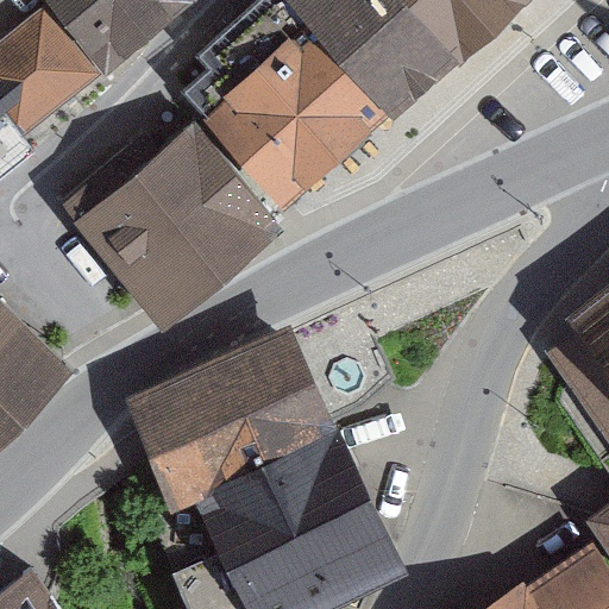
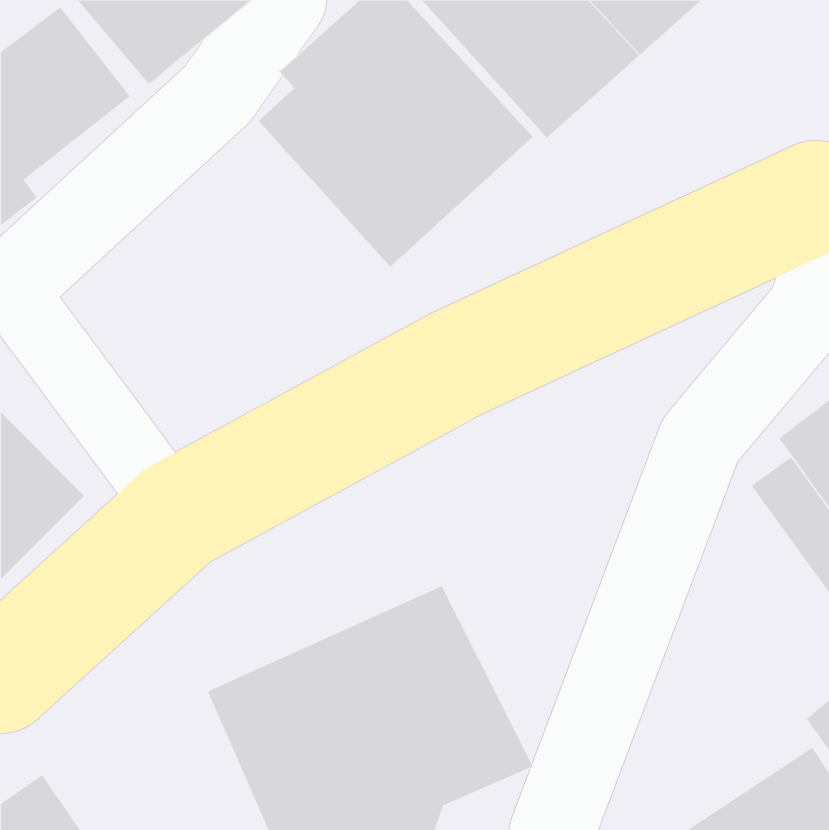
building: [69,123,282,319] -> none
building: [145,337,326,494] -> none

